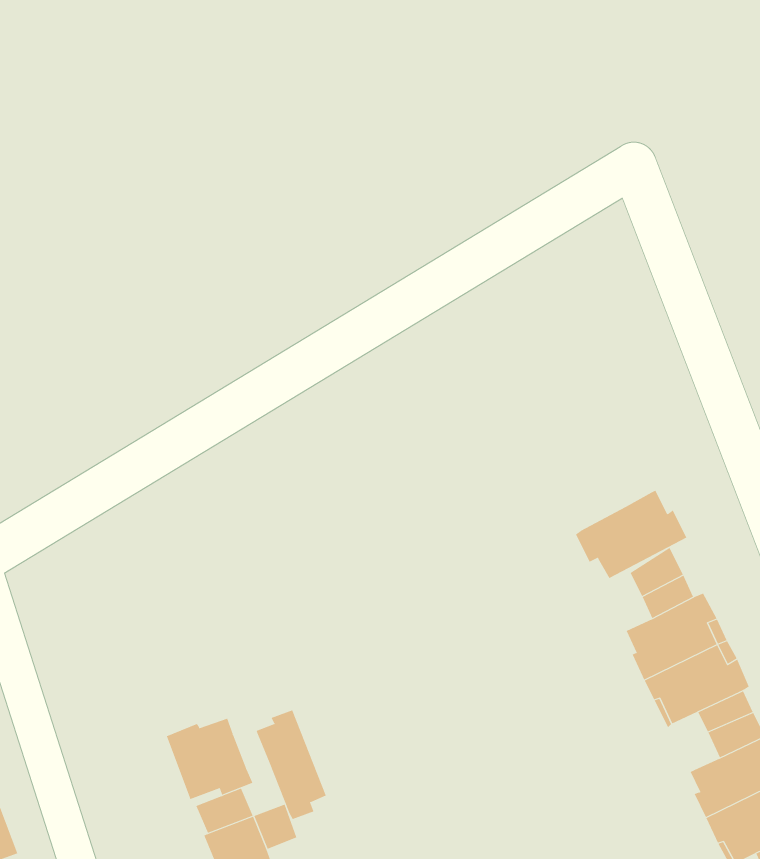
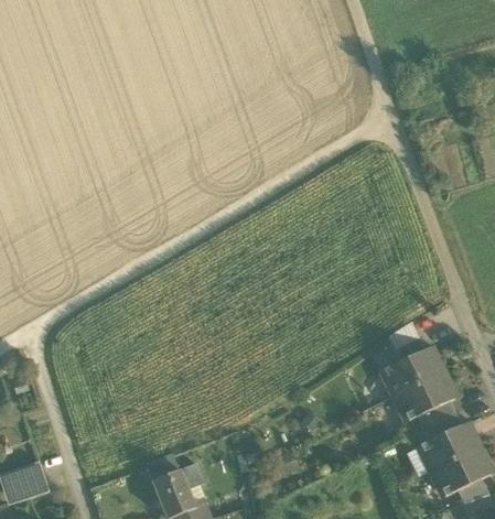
building: [575,490,687,579] -> none
building: [256,709,326,820] -> none
building: [166,718,253,800] -> none

